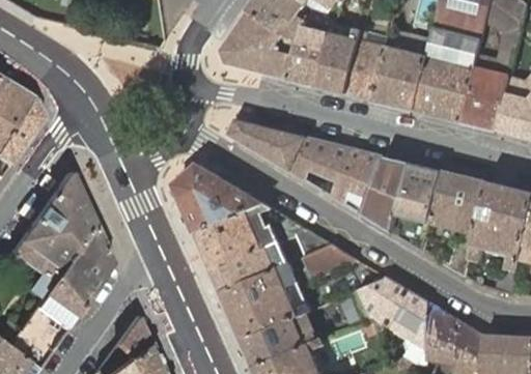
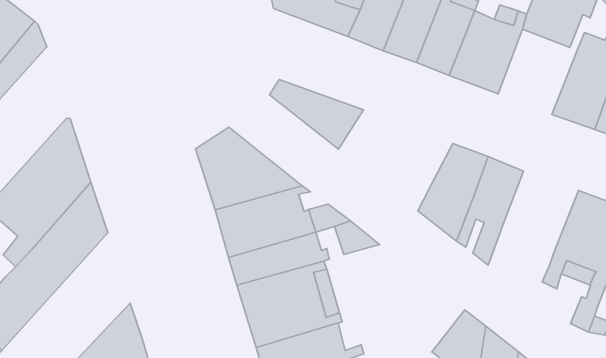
building: [414,38,481,122] -> none
building: [289,137,382,213] -> none
building: [429,171,488,276] -> none
building: [304,244,356,277] -> none
building: [357,277,408,326] -> none

